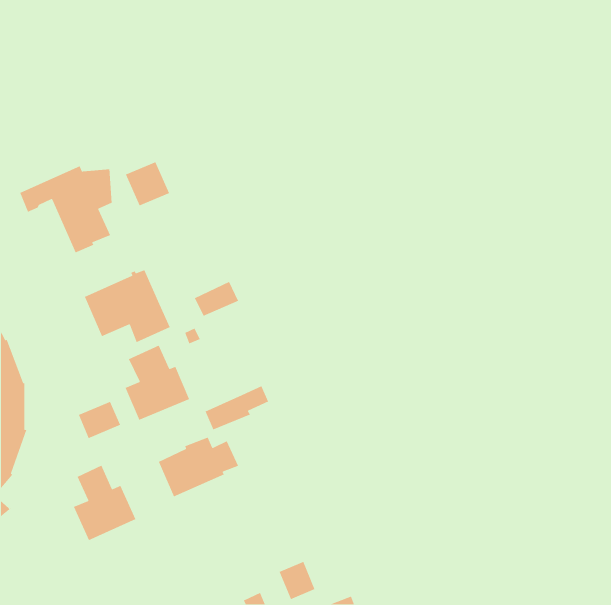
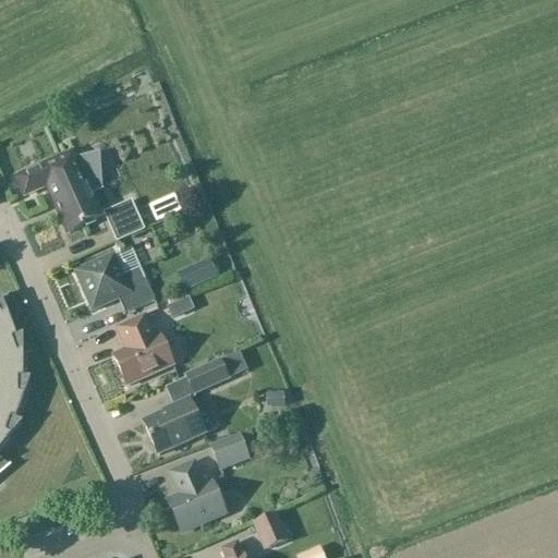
building: [125,161,170,207] -> [104,197,145,239]
building: [78,401,121,439] -> none
building: [73,465,136,541] -> [167,461,225,531]
building: none -> [210,433,247,469]

